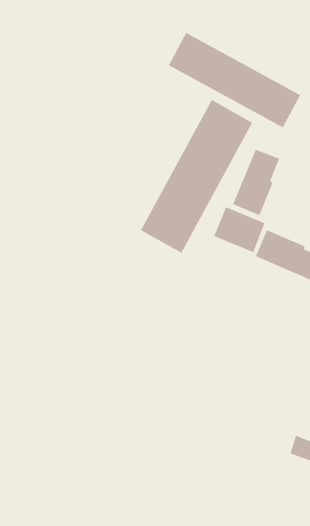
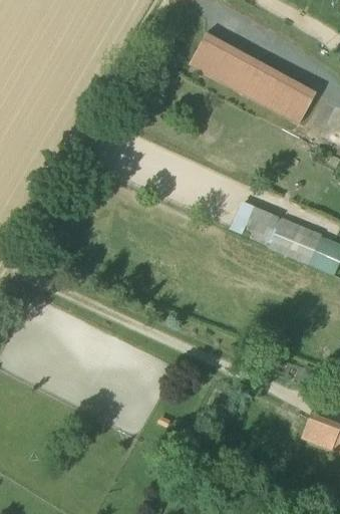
building: [140,99,253,254] -> none
building: [232,149,280,216] -> none

